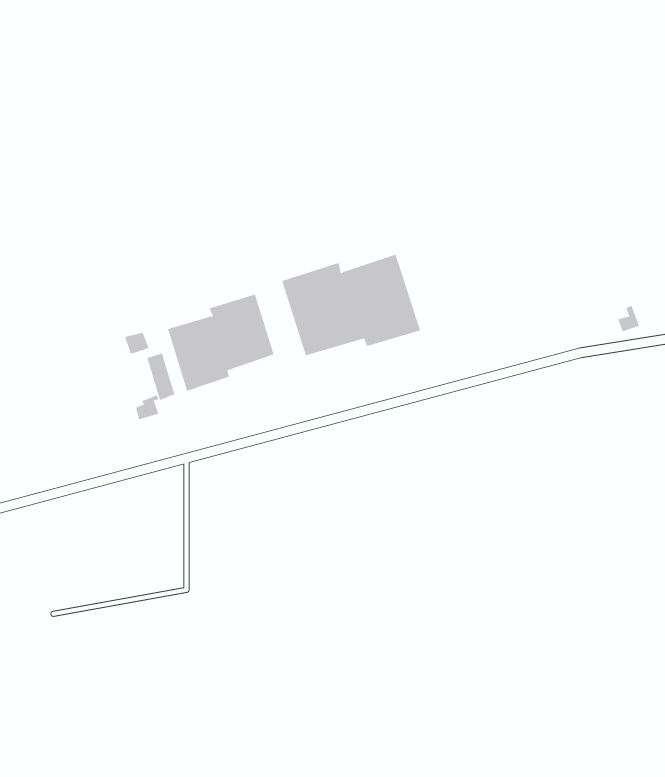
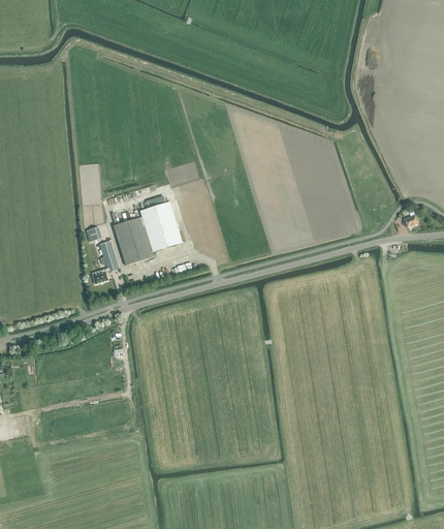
building: [282,254,421,356] -> none

